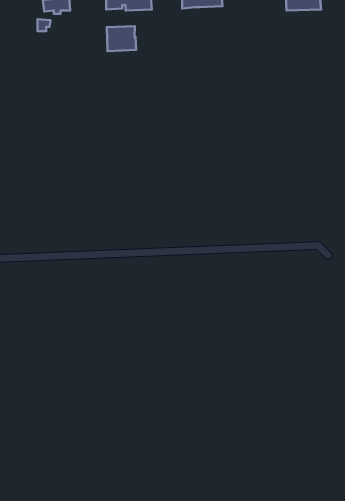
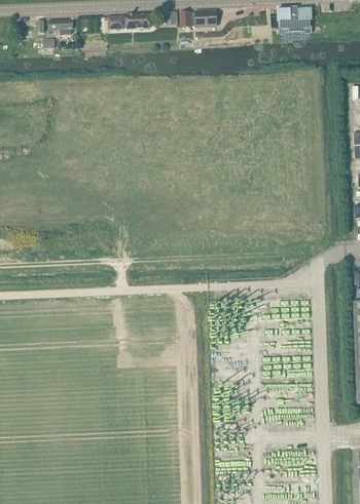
building: [107,26,136,51] -> none

